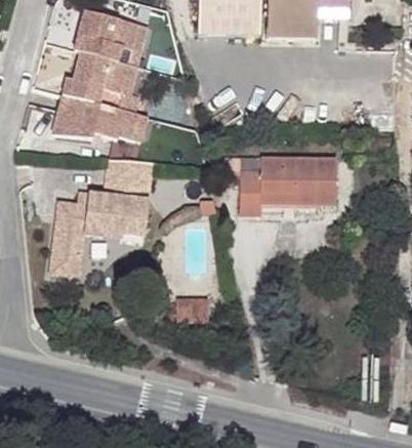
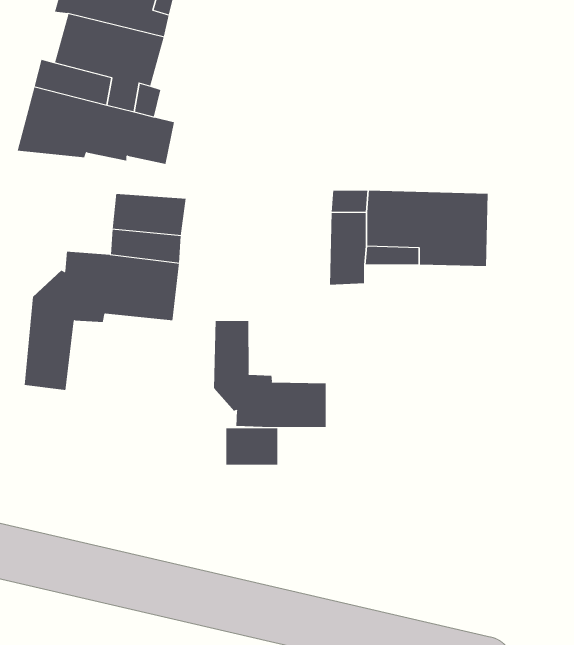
building: none -> [214,320,326,428]

